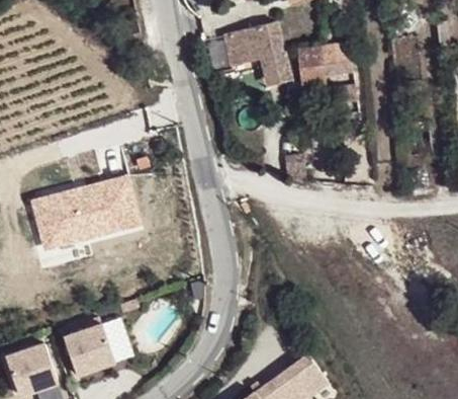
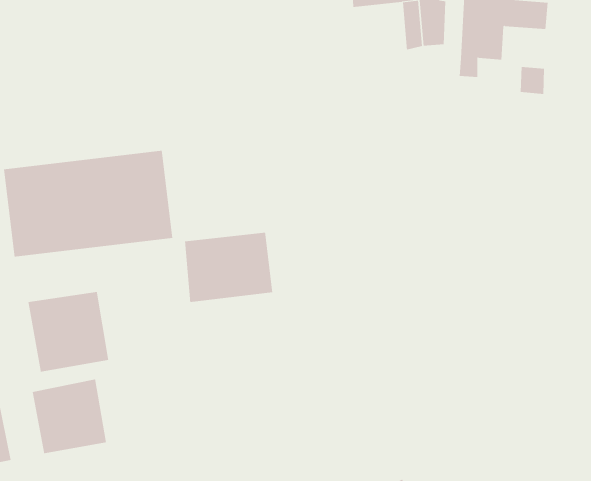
building: none -> [184,232,273,303]
building: none -> [28,291,109,373]

